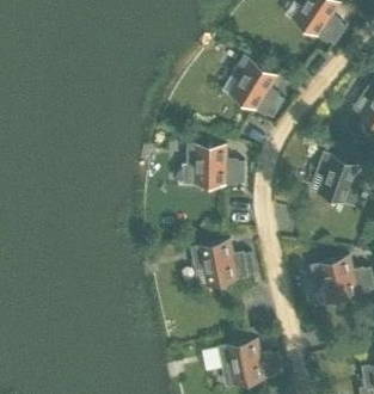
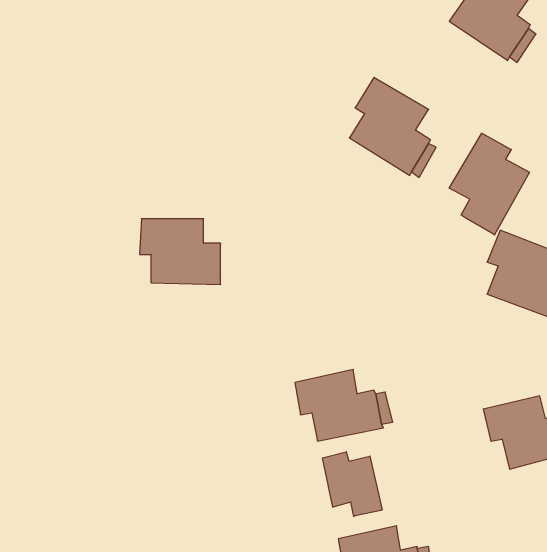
building: none -> [449,133,529,235]
building: [186,146,238,187] -> [140,219,221,285]
building: none -> [323,452,382,516]

